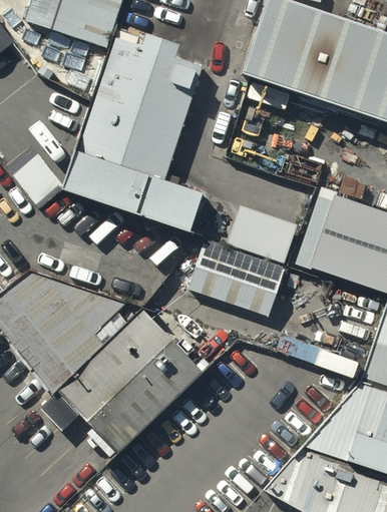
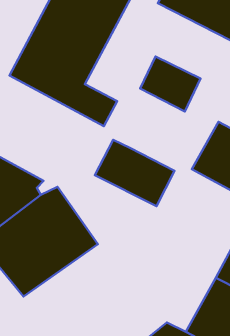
building: [225,207,297,270] -> [140,57,200,111]

